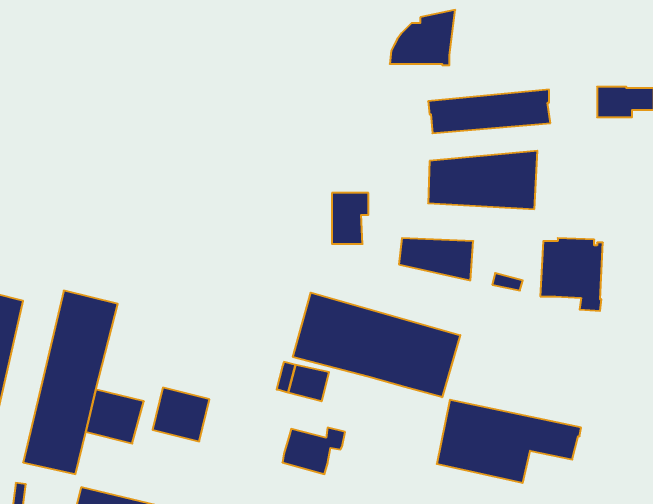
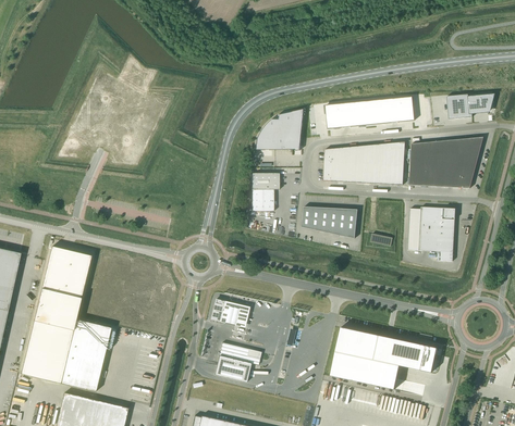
building: [390,10,455,65] -> [255,109,304,150]
building: none -> [409,137,483,188]
building: [293,293,460,397] -> none
building: [153,388,209,441] -> [60,351,102,391]

